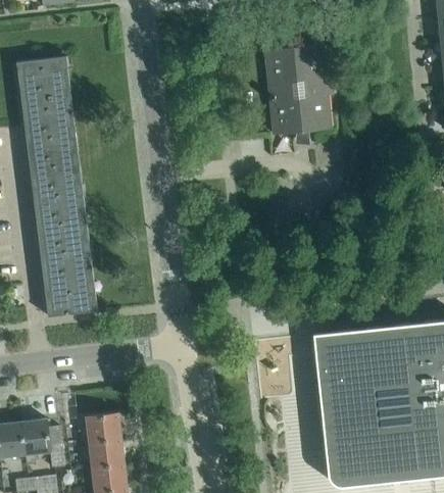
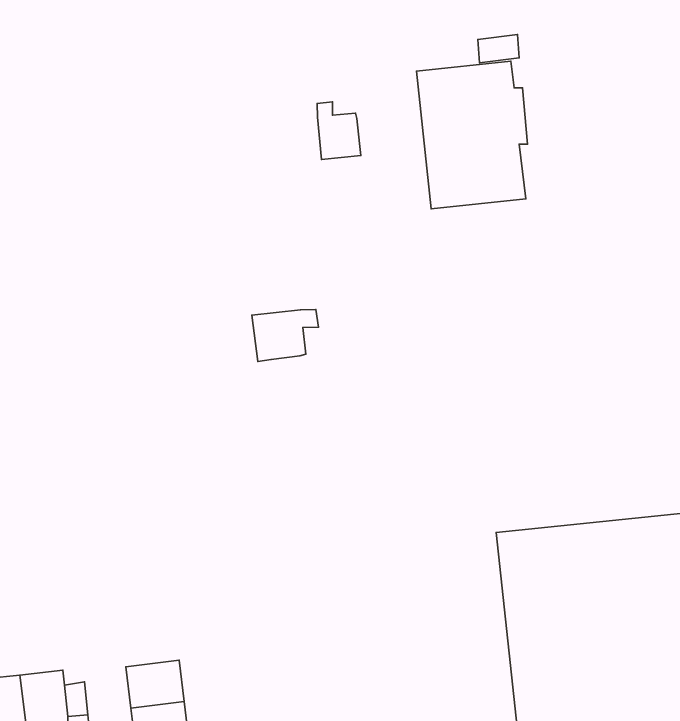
building: [16,56,98,316] -> none
building: none -> [317,102,361,160]
building: none -> [252,309,318,361]

